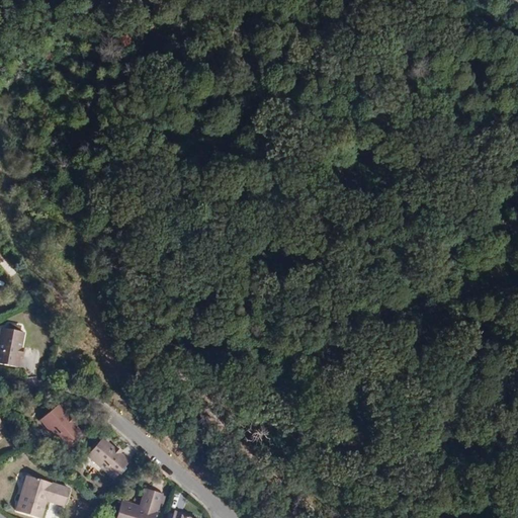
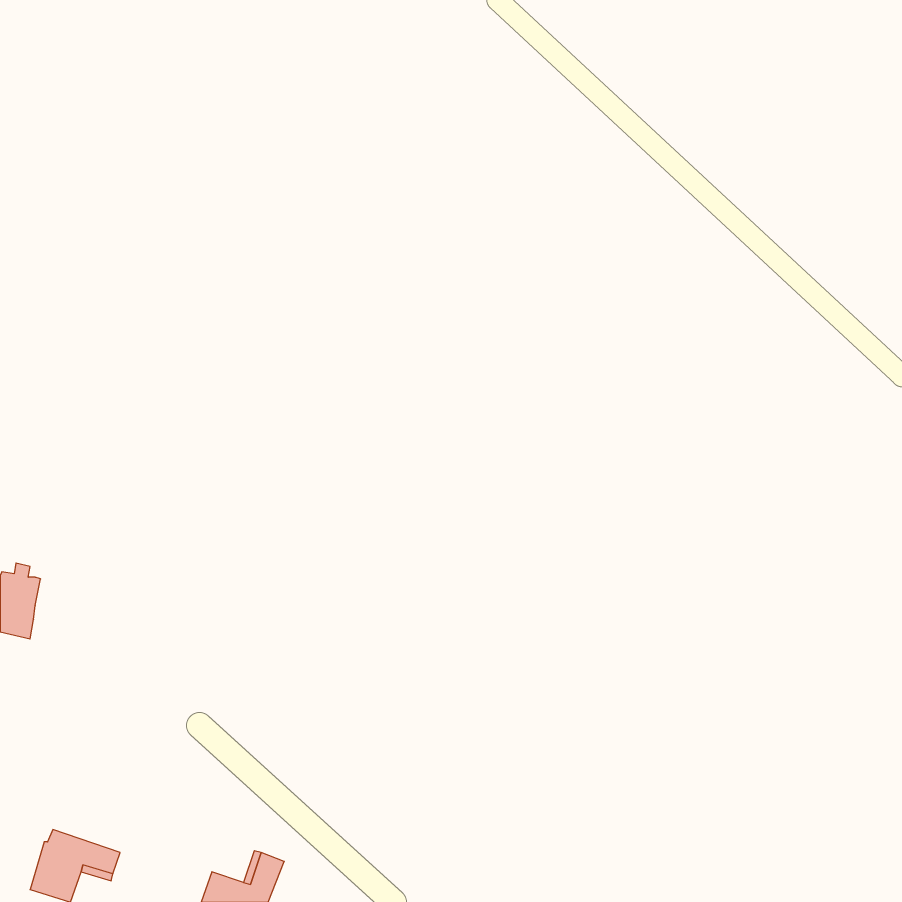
building: [40,403,82,446] -> none
building: [88,437,128,478] -> none

